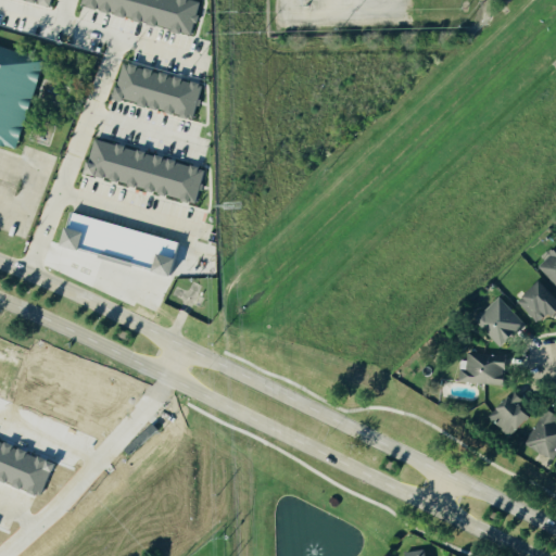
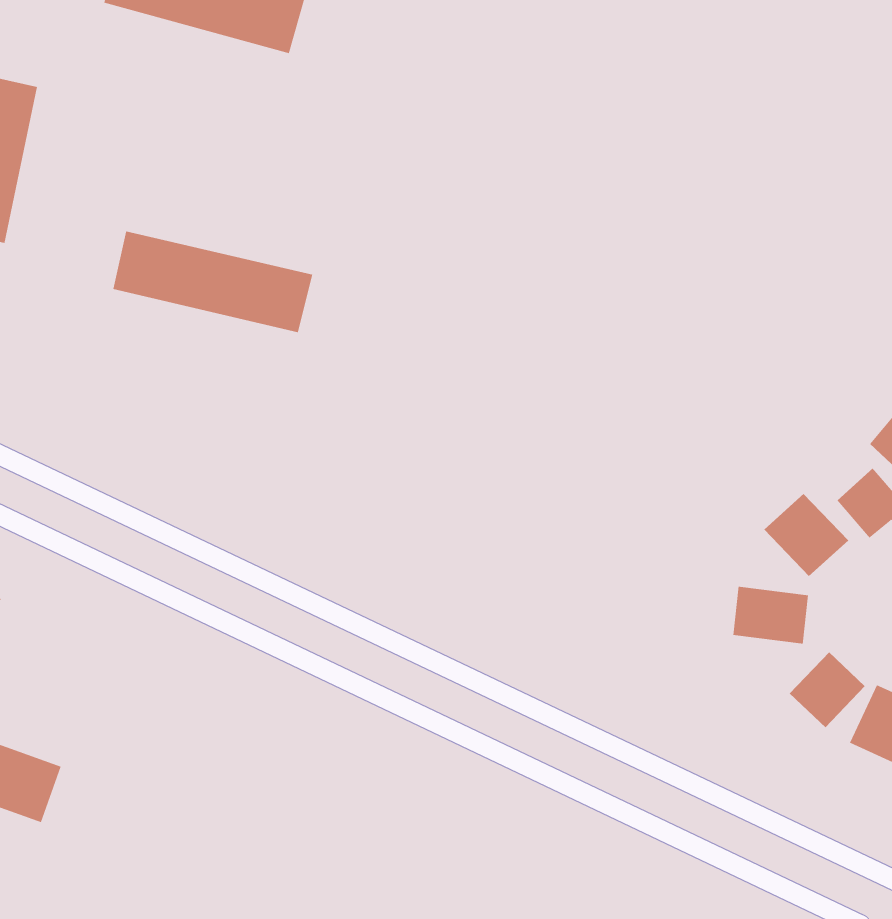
building: [114,63,202,117] -> none
building: [60,212,176,276] -> none

